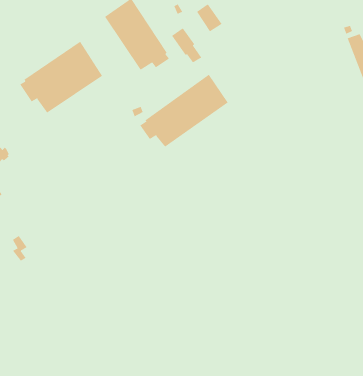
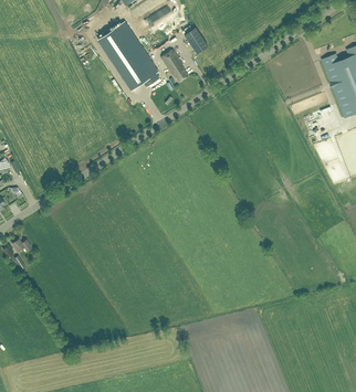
building: [19,41,103,113] -> none
building: [140,74,228,147] -> none

